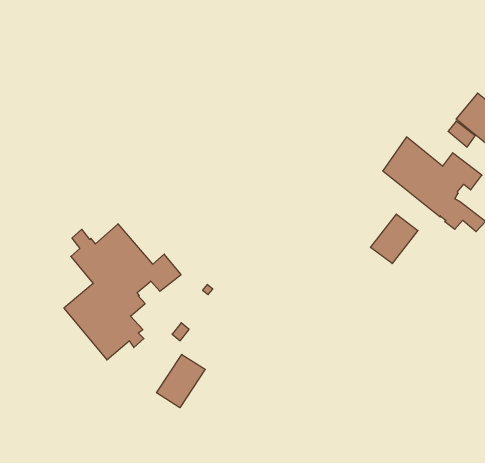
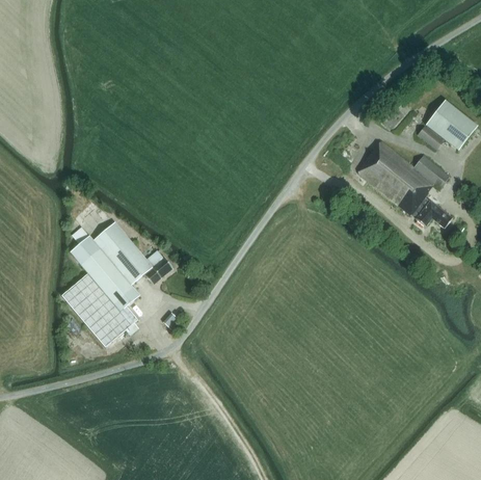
building: [371,214,418,264] -> none
building: [157,354,205,408] -> none

